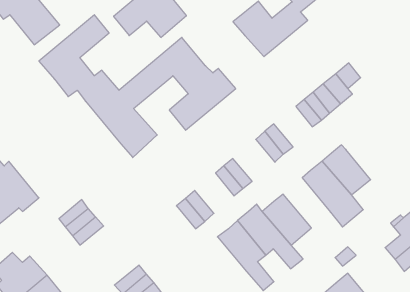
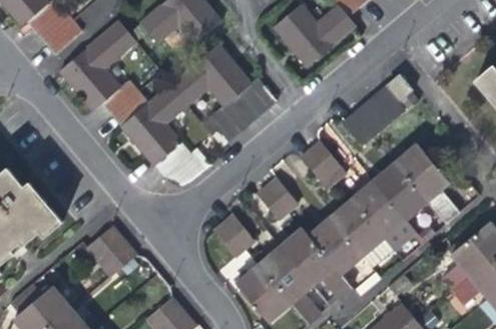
building: none -> [393,143,457,224]
building: none -> [329,199,393,269]
building: none -> [235,264,289,320]

